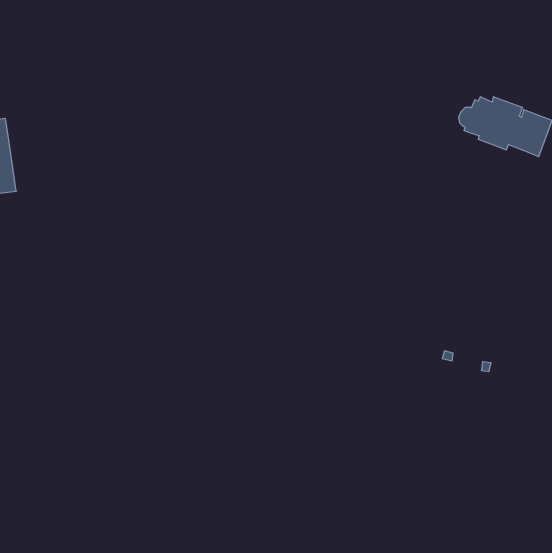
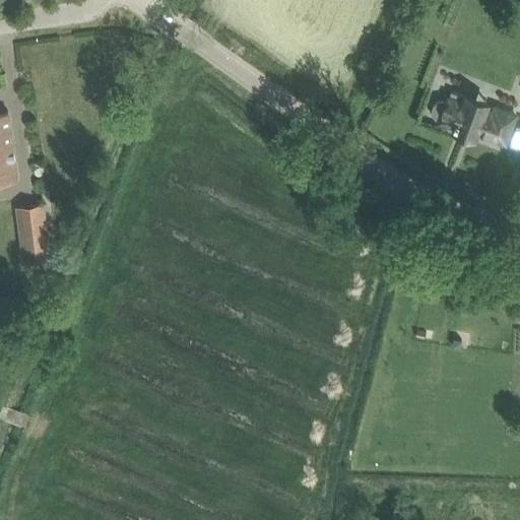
building: none -> [12,205,49,264]

